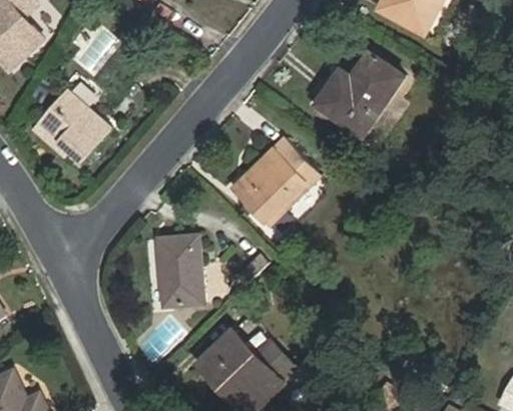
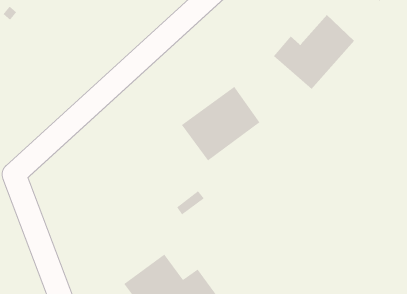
building: [37,90,110,162] -> none
building: [155,237,201,307] -> none

